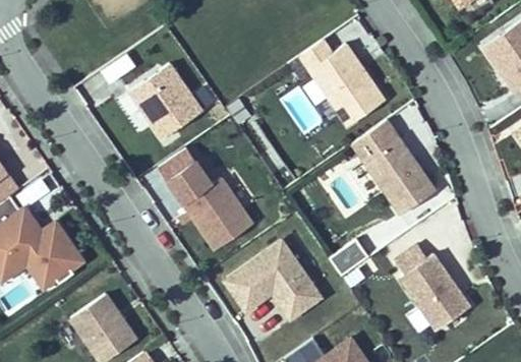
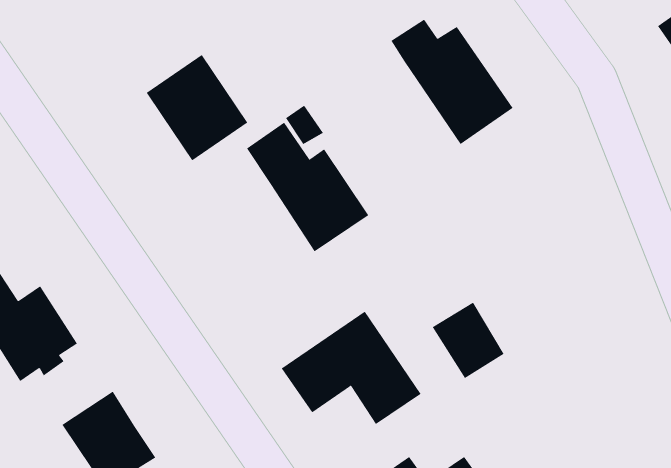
building: [353,120,433,213] -> none
building: [167,162,251,251] -> [246,122,369,252]
building: [392,244,463,328] -> none

